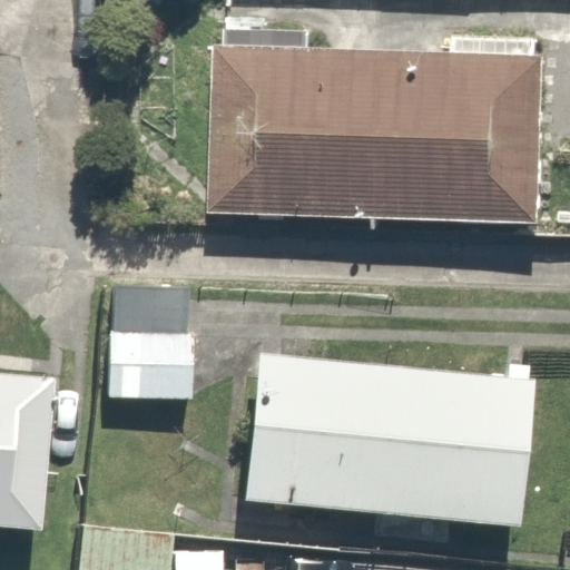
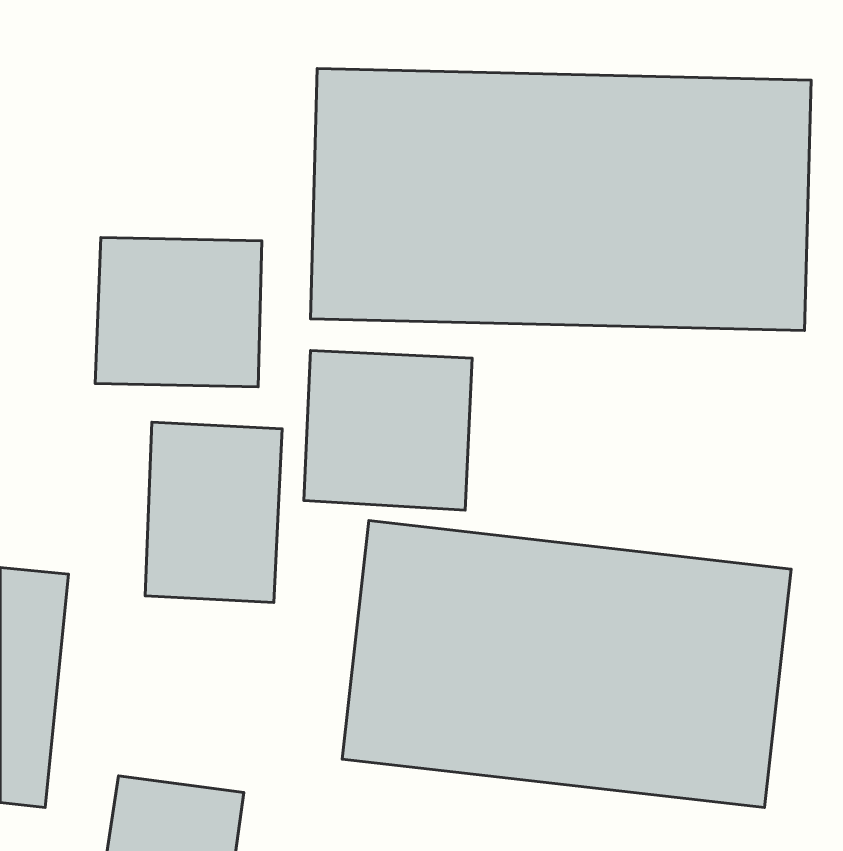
building: none -> [95,237,262,387]
building: none -> [304,350,472,510]

